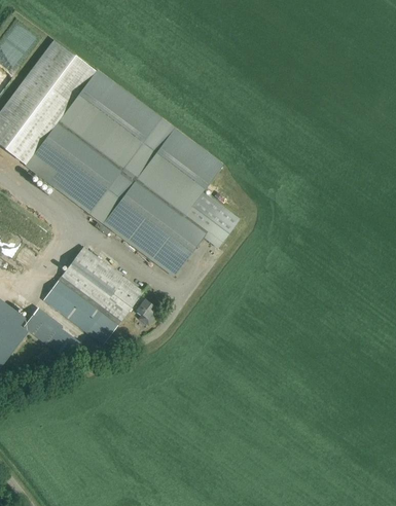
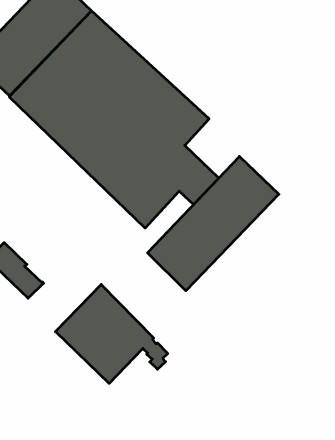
building: none -> [148,156,279,291]
building: [44,248,156,344] -> [55,284,168,383]

